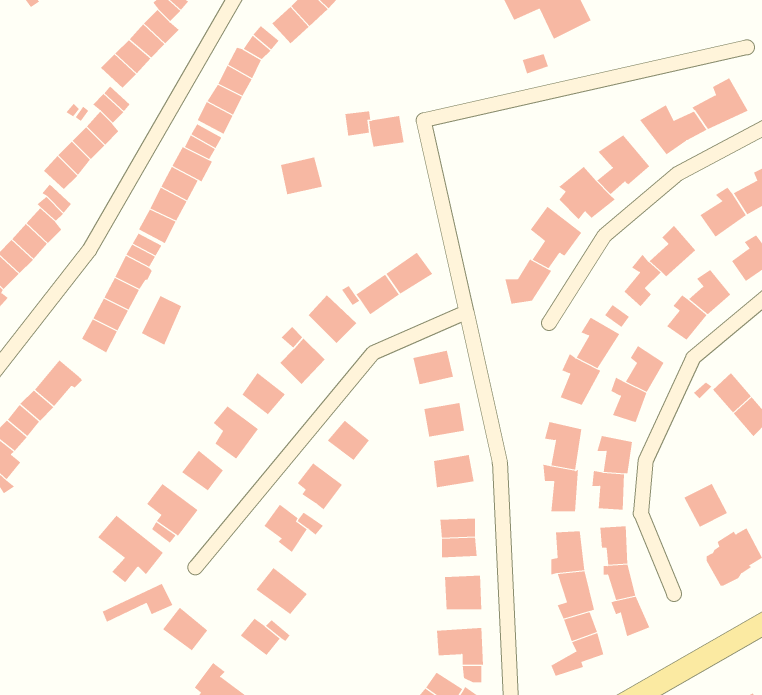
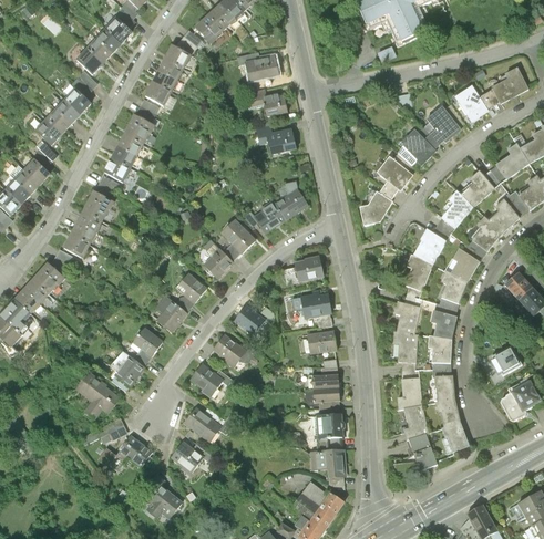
building: none -> [247,55,281,79]
building: [280,157,323,195] -> [268,126,298,153]
building: [141,295,182,345] -> none

